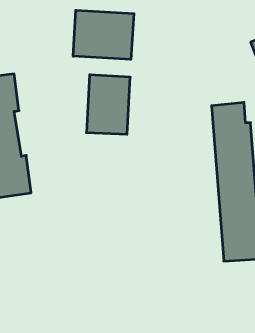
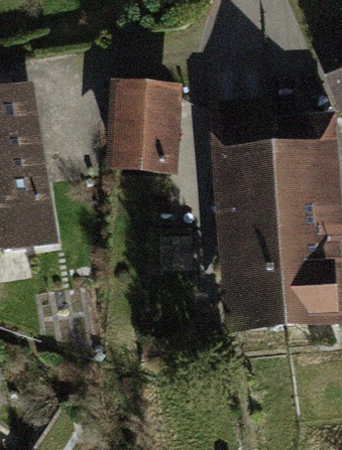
building: [73,10,134,59] -> none
building: none -> [224,111,288,328]

